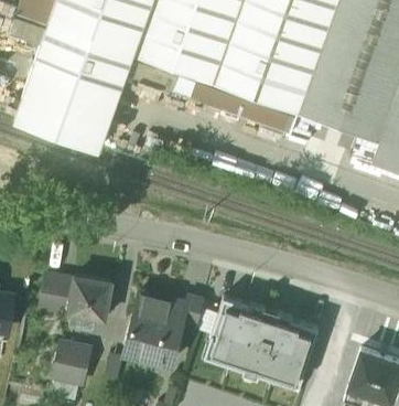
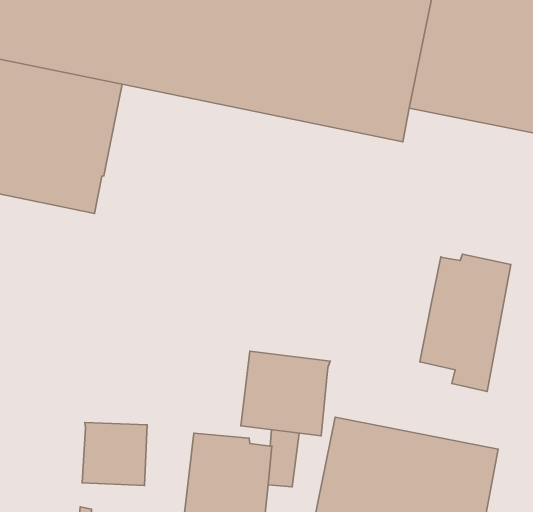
building: none -> [420,254,511,392]
building: none -> [241,351,330,436]
building: [41,273,75,311] -> none

